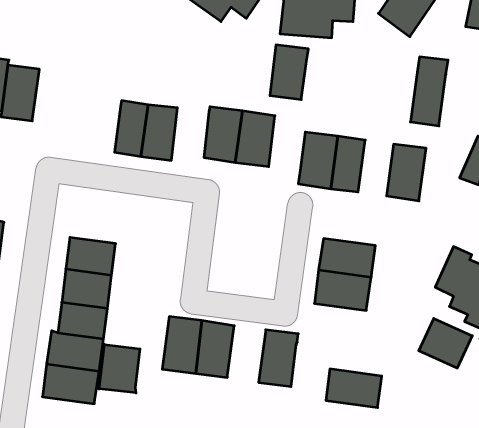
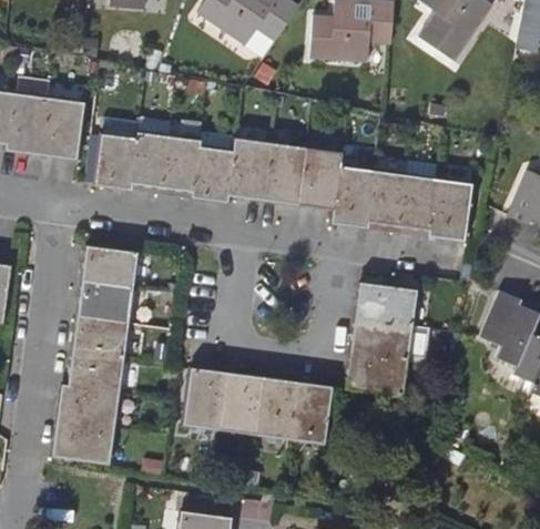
building: [270,45,308,100] -> [299,147,342,207]
building: [410,57,448,126] -> [397,160,438,235]
building: none -> [41,96,83,159]
building: none -> [95,132,137,187]
building: none -> [193,139,234,201]
building: none -> [82,245,136,287]
building: [419,318,472,368] -> none
building: none -> [254,377,296,439]
building: [99,344,140,393] -> none
building: [326,369,382,408] -> [345,353,406,395]

